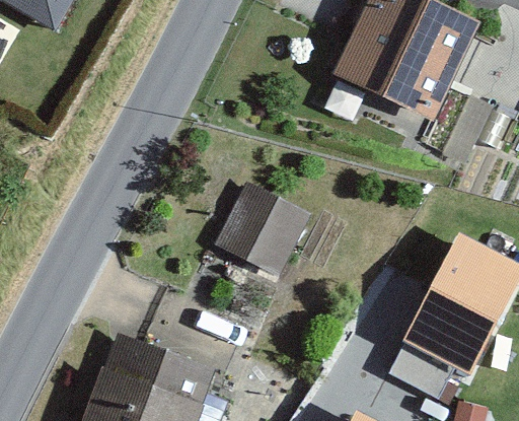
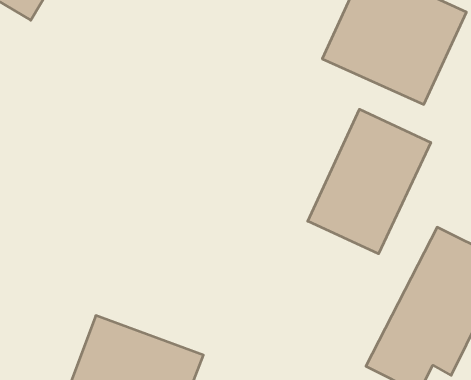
building: none -> [308,109,431,254]
building: [214,179,306,270] -> none

